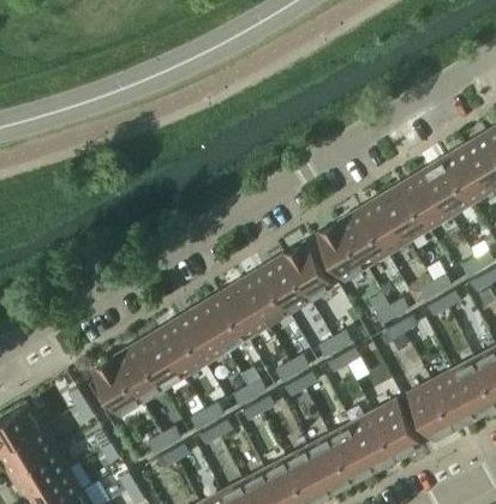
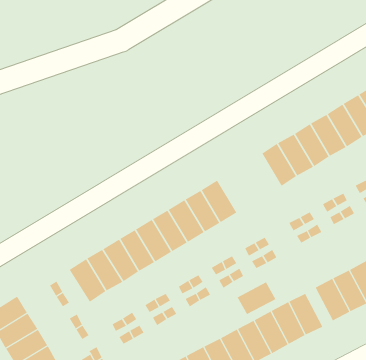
building: [316,223,364,278] -> none
building: [282,244,329,299] -> none
building: none -> [237,282,276,315]

